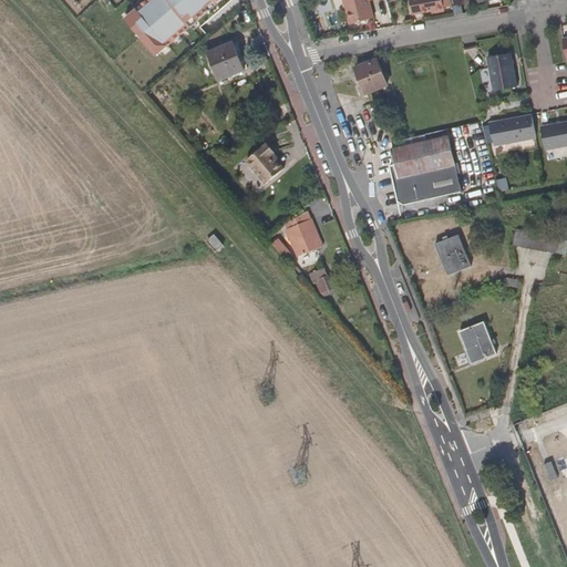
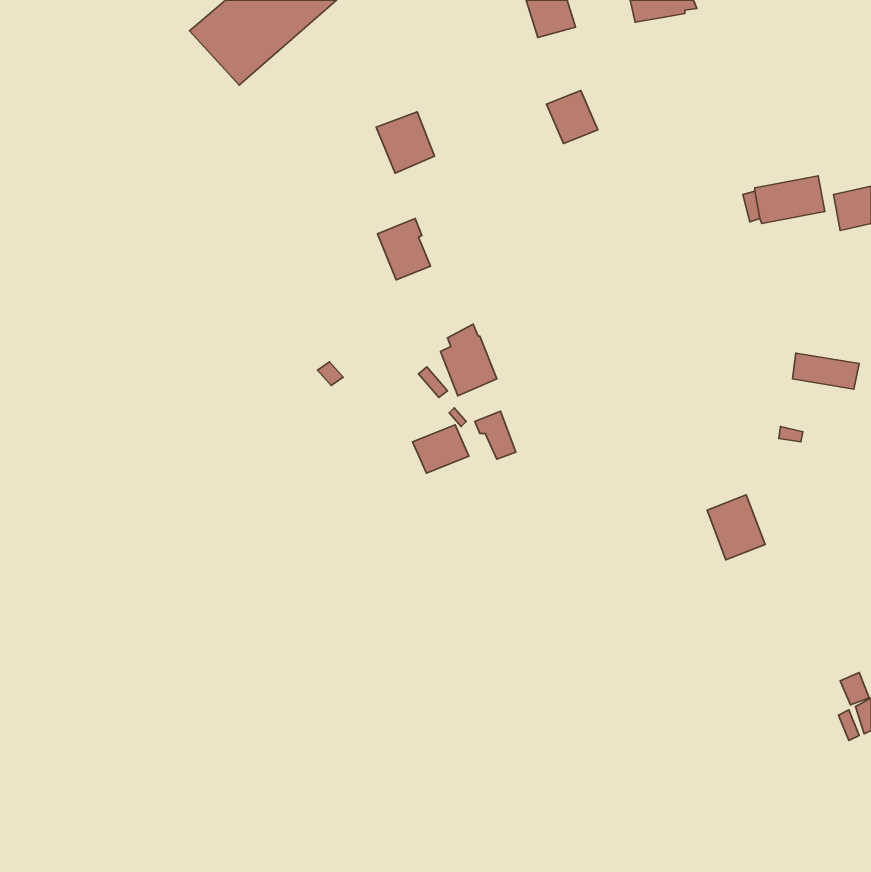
building: [206,41,244,81] -> [376,112,434,173]
building: [487,53,517,91] -> none
building: [390,135,461,203] -> none
building: [435,235,470,275] -> none
building: none -> [413,425,469,473]

